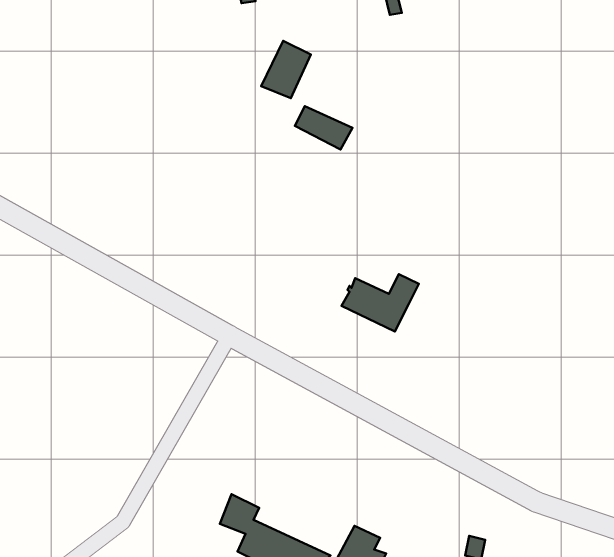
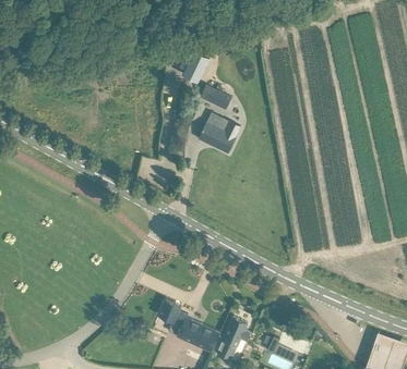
building: [341,274,419,331] -> [196,121,239,152]

